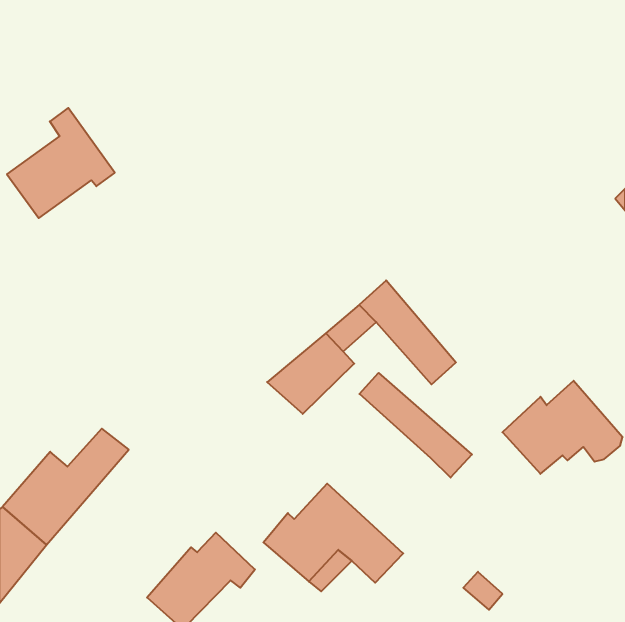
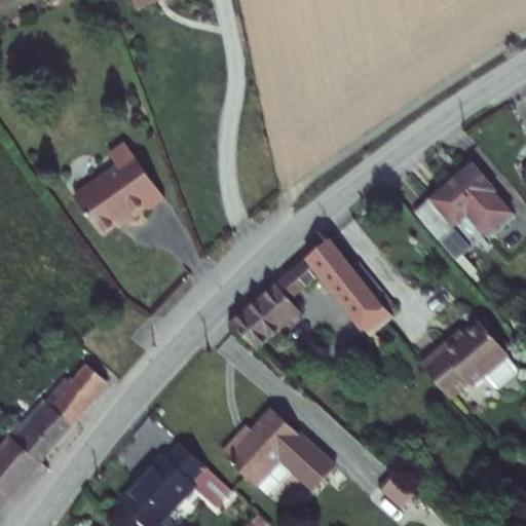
building: [7,108,115,218] -> [76,144,166,236]
building: none -> [413,154,512,252]
building: [359,373,472,478] -> none

